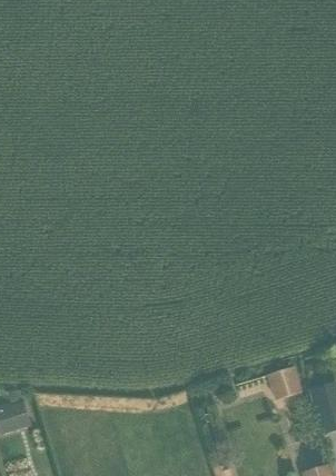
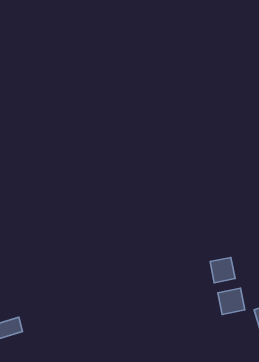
building: none -> [210,257,235,283]

